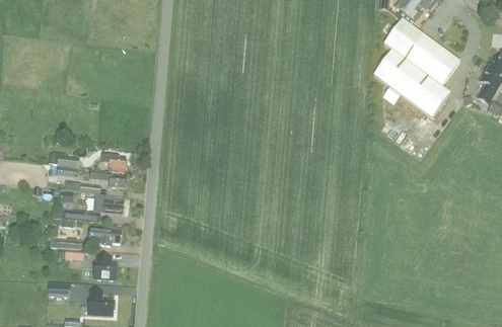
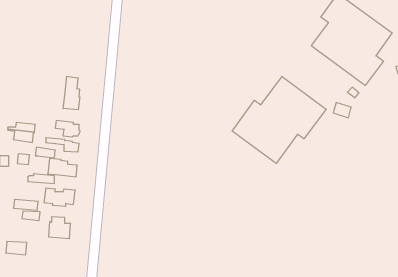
building: none -> [63,76,80,110]
building: none -> [232,76,326,163]
building: [88,290,114,313] -> none

